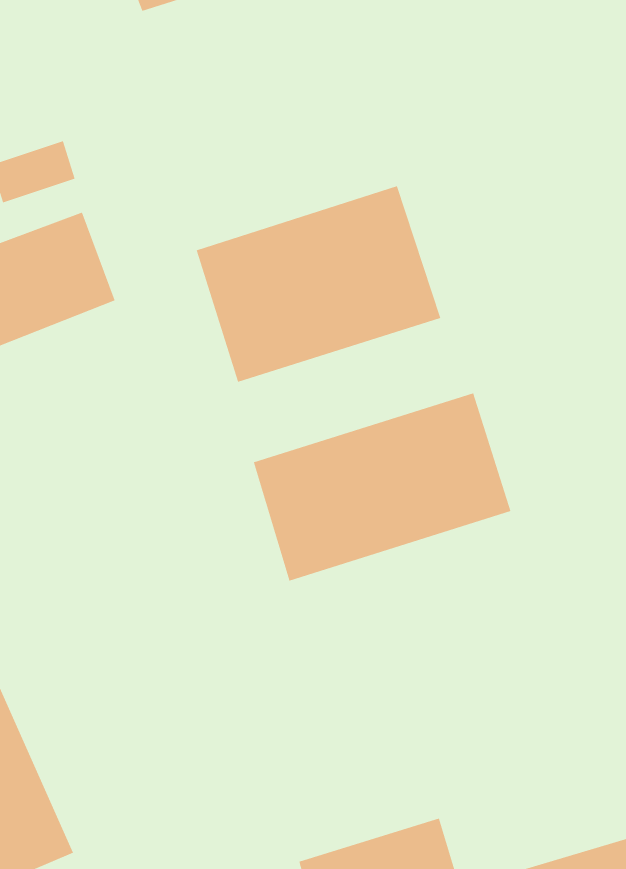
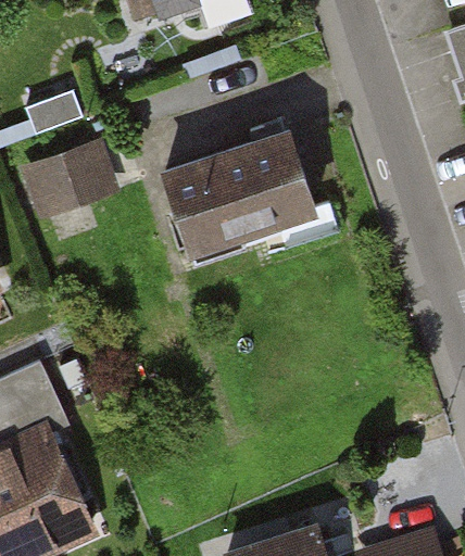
building: [253,393,511,582] -> none

